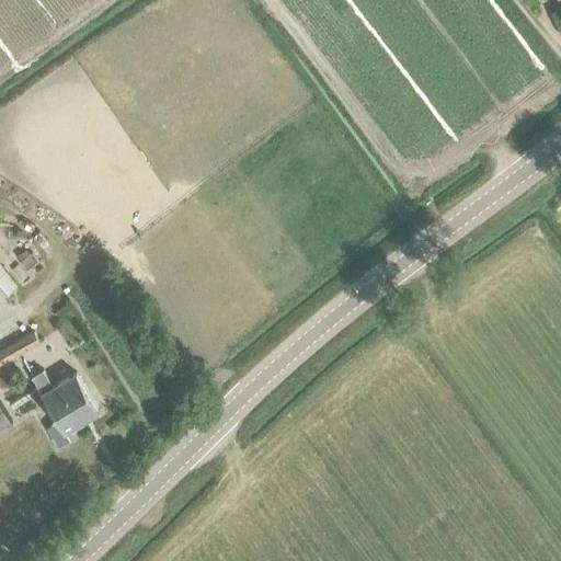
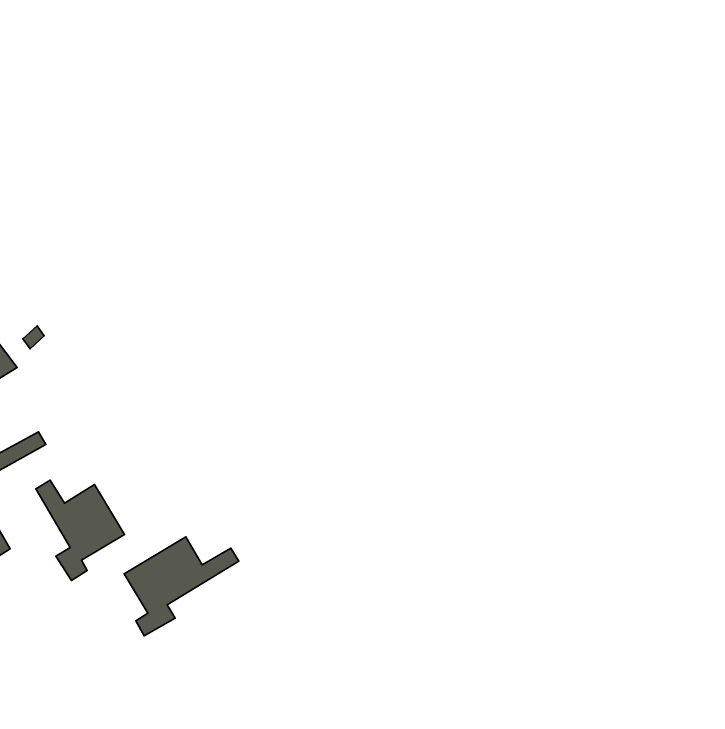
building: none -> [124,537,239,636]

